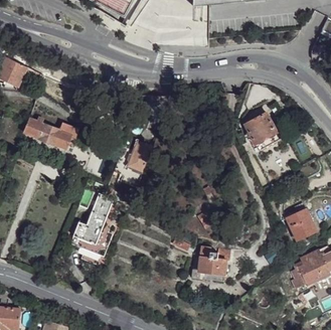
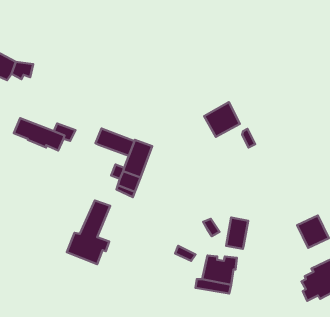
building: [242,113,276,145] -> [204,102,240,137]
building: none -> [96,129,134,156]
building: none -> [226,218,248,249]

